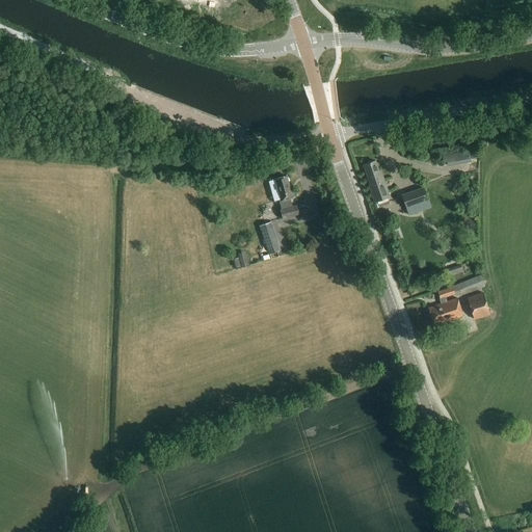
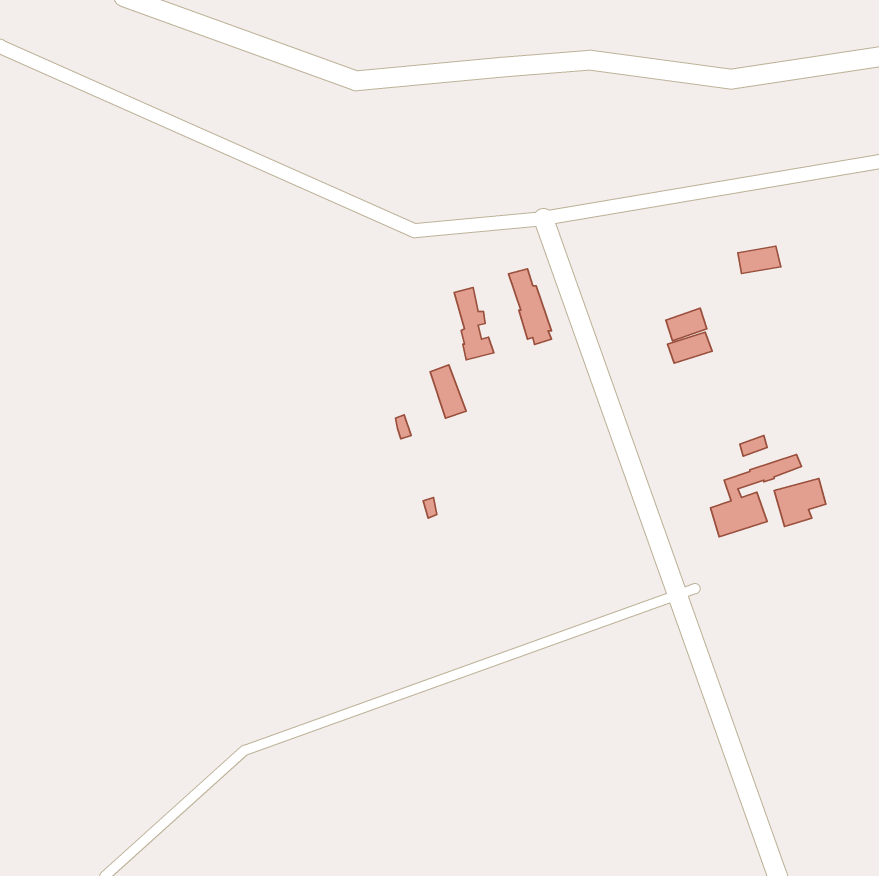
building: [364,159,390,205] -> [509,269,552,344]

